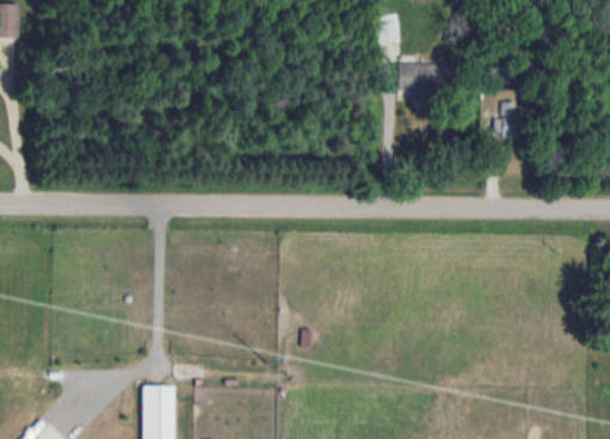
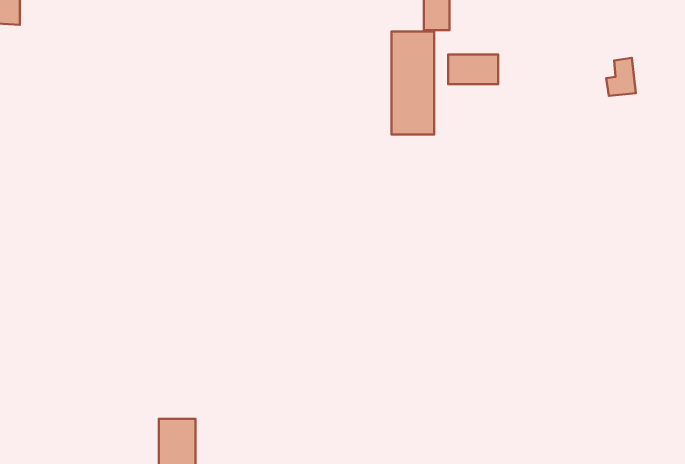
building: none -> [391,31,434,134]
building: [493,101,519,135] -> [606,58,636,96]

